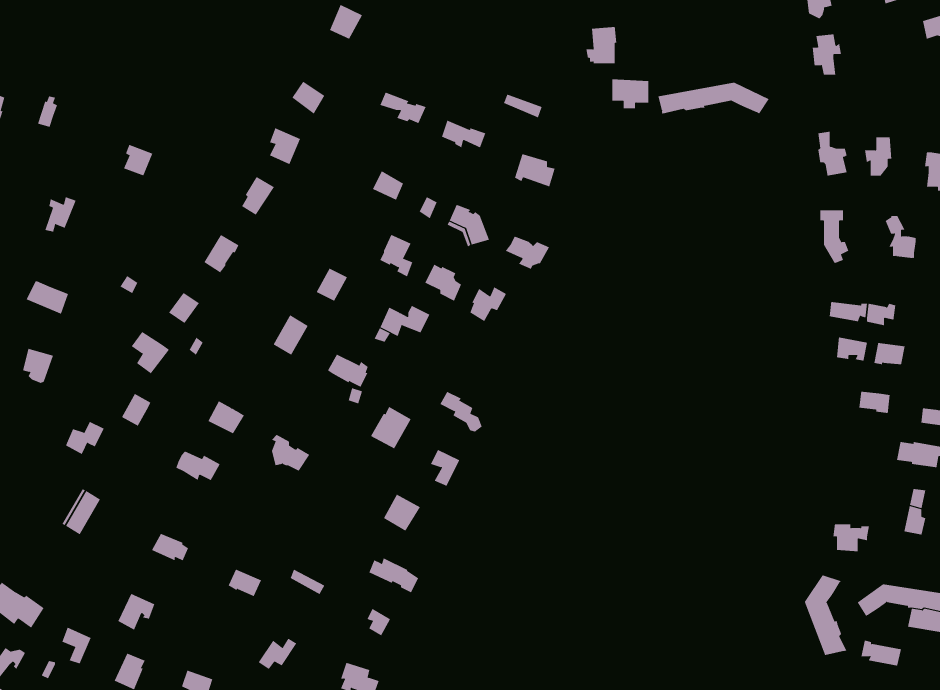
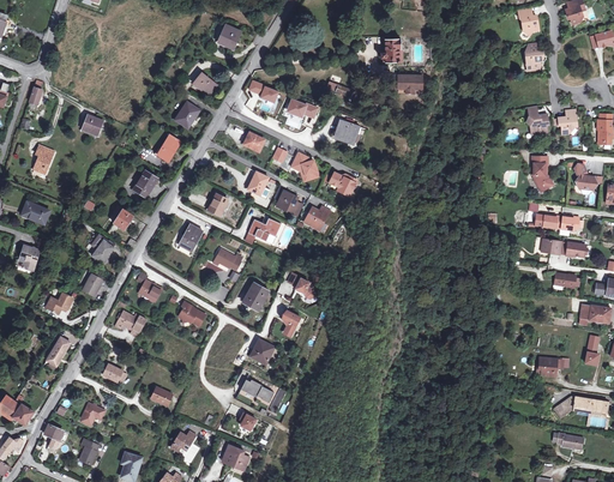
building: [658,82,770,115] -> none
building: [804,574,847,656] -> none

